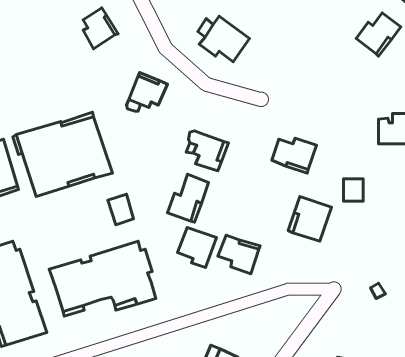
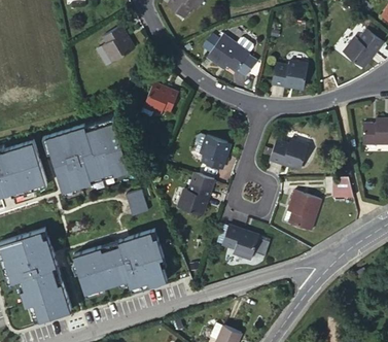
building: none -> [273,62,309,86]
building: [177,227,216,268] -> none

